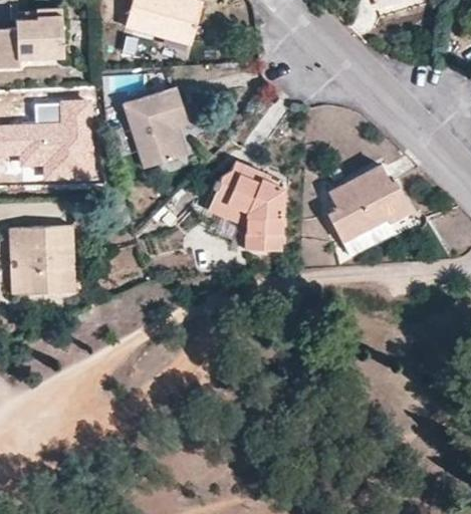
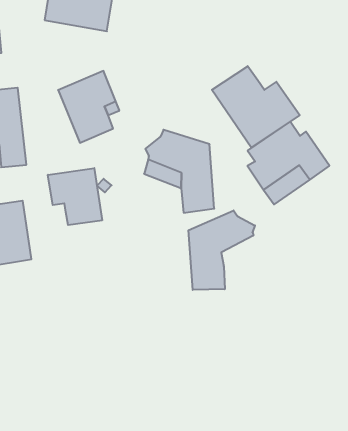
building: none -> [212,66,300,148]
building: none -> [48,168,102,225]
building: none -> [188,210,255,290]

